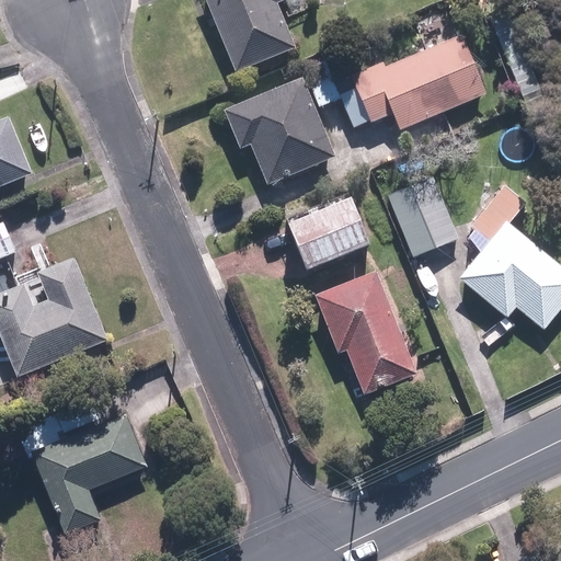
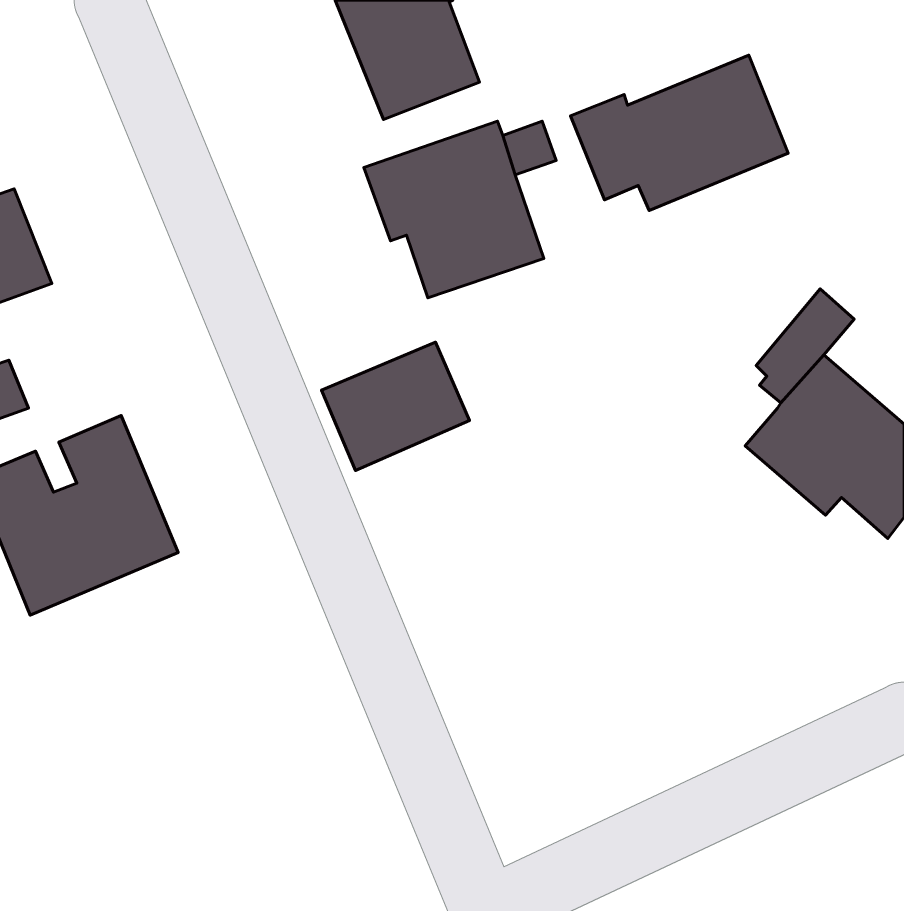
building: [388,186,458,256] -> none
building: [285,193,376,272] -> [322,342,470,470]
building: [316,268,417,393] -> none
building: [21,410,149,534] -> none

